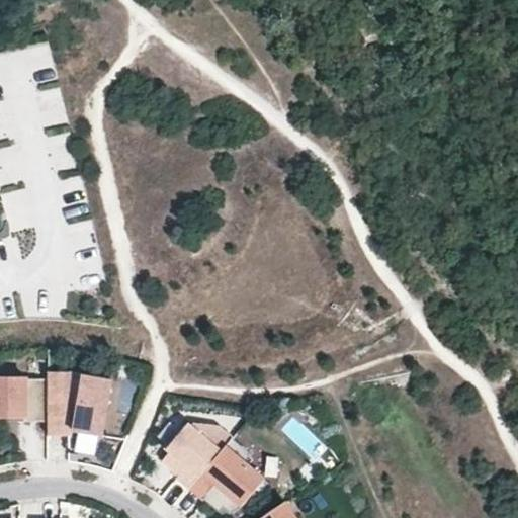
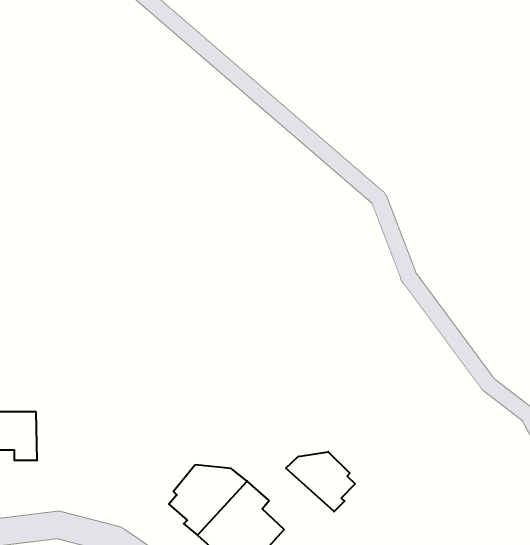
building: [47,371,110,437] -> none
building: none -> [286,452,355,512]

